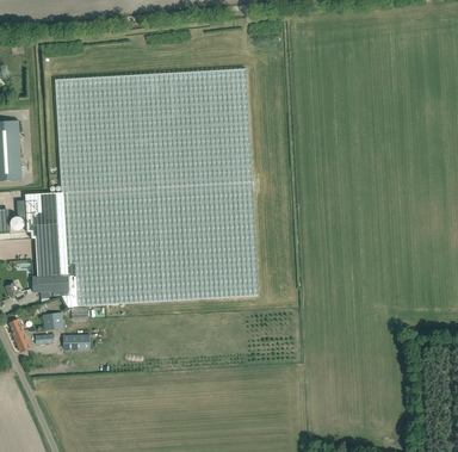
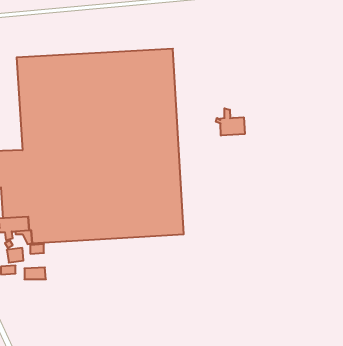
building: none -> [216,108,245,136]

